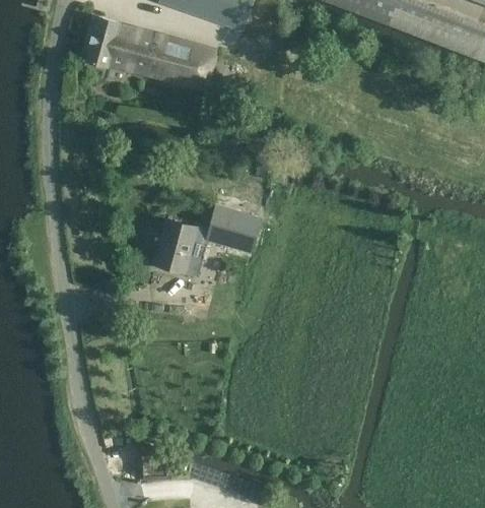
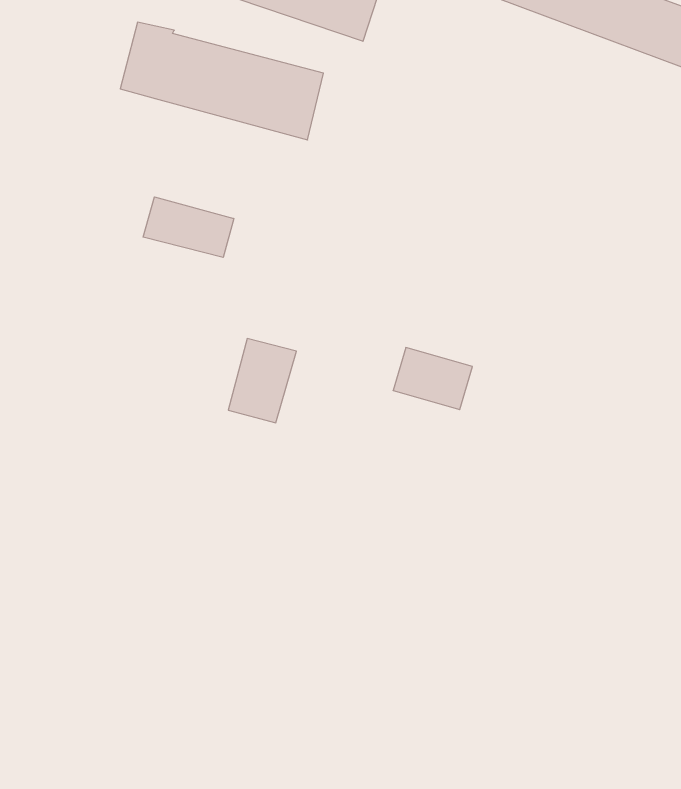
building: none -> [143,197,234,257]
building: [205,211,256,251] -> [393,348,472,410]

